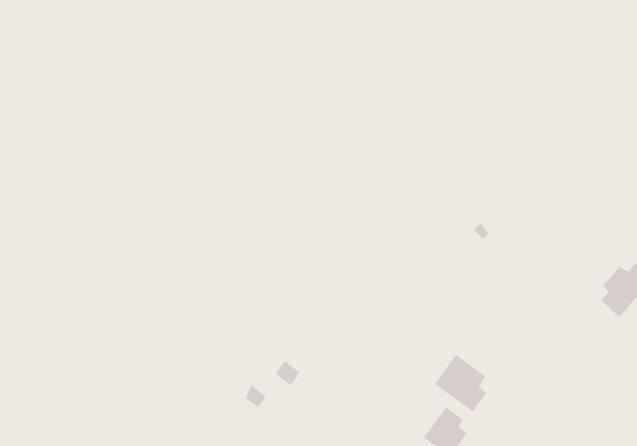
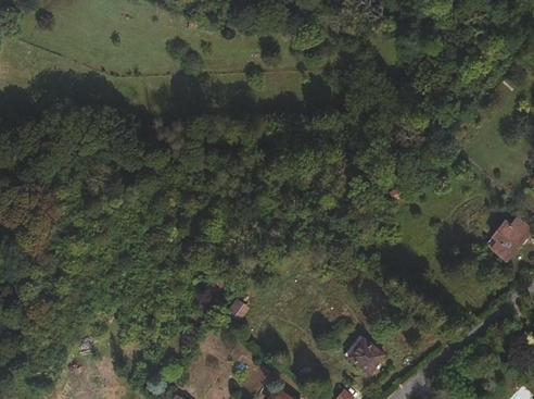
building: [434,354,487,413] -> none

